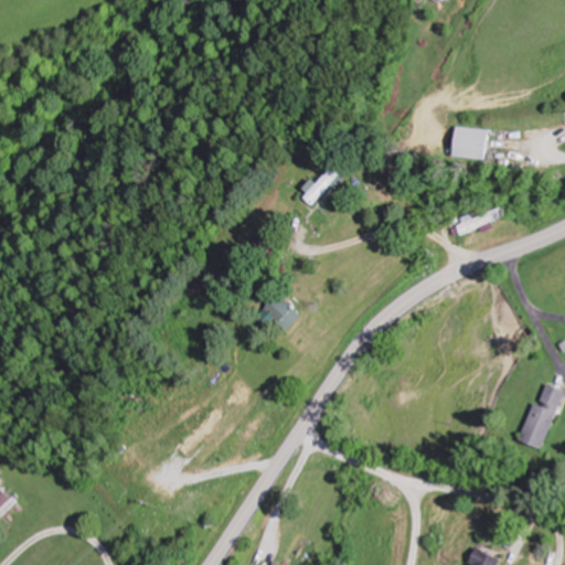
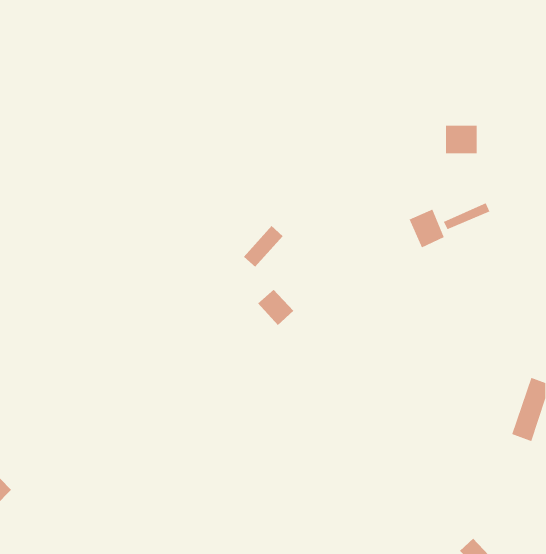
building: [299,167,340,210] -> [243,225,283,268]
building: none -> [408,209,445,248]

